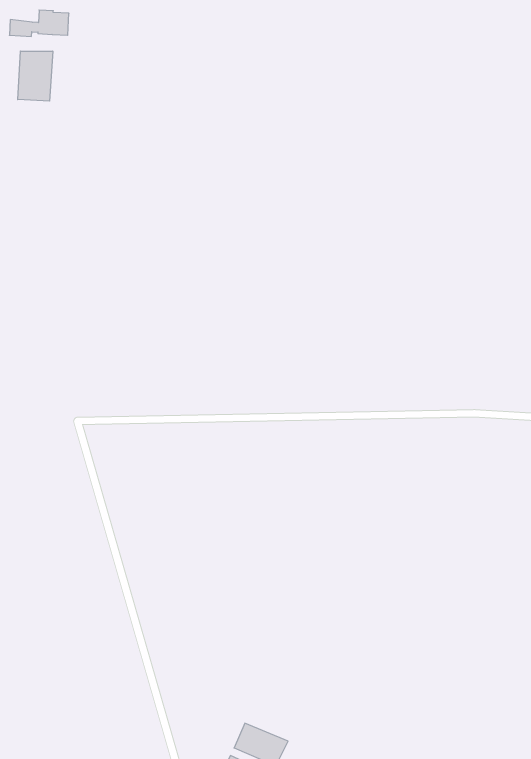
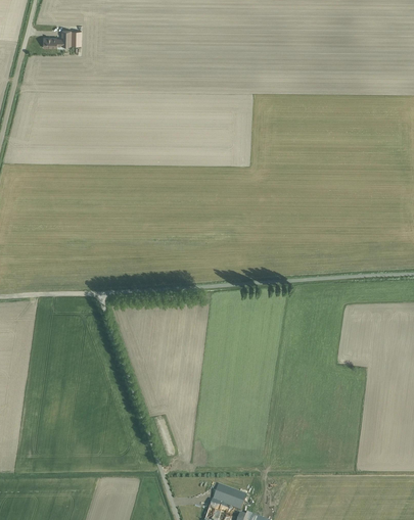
building: [18,51,53,101] -> none

